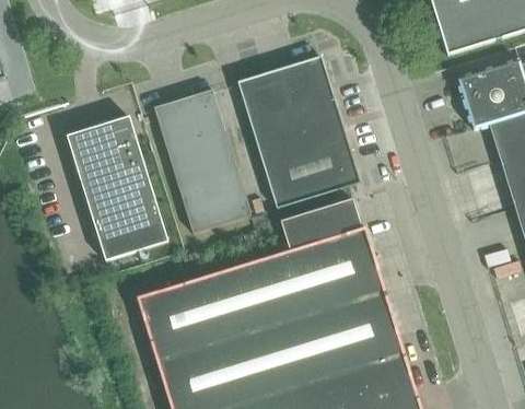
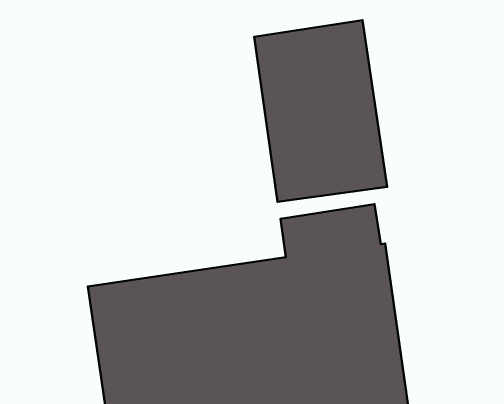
building: [154,90,252,233] -> none
building: [68,117,168,261] -> none

